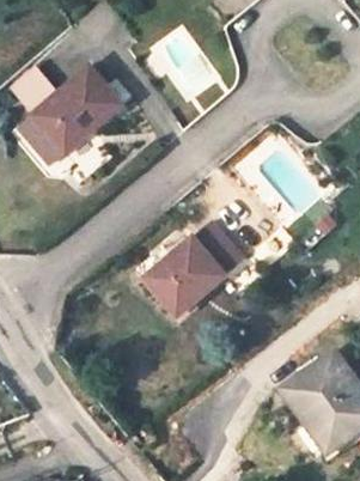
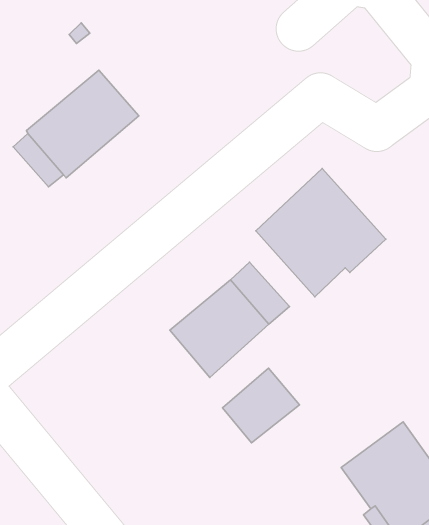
building: none -> [256,168,386,297]
building: none -> [223,368,299,443]

